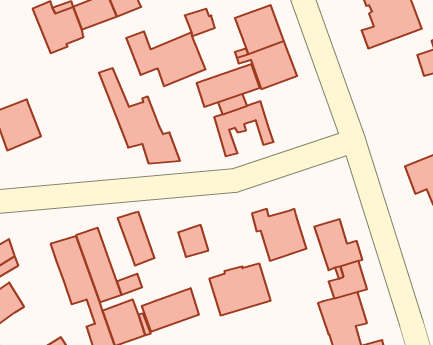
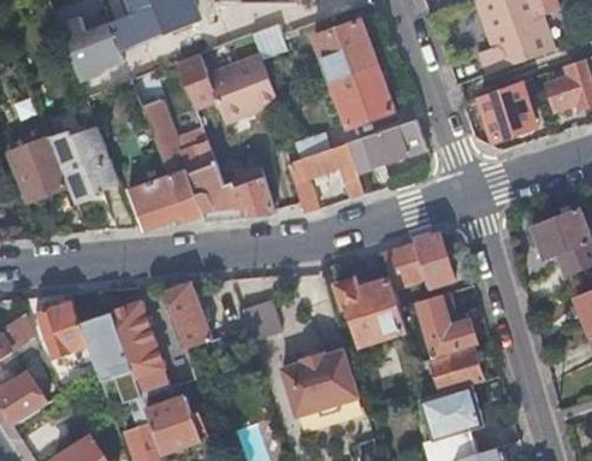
building: none -> [479,79,537,138]
building: [197,64,260,107] -> [347,117,427,171]
building: none -> [48,124,118,203]
building: none -> [129,175,203,226]
building: none -> [231,177,274,217]
building: none -> [381,232,452,286]
building: none -> [39,302,87,355]
building: [142,288,199,332] -> none

